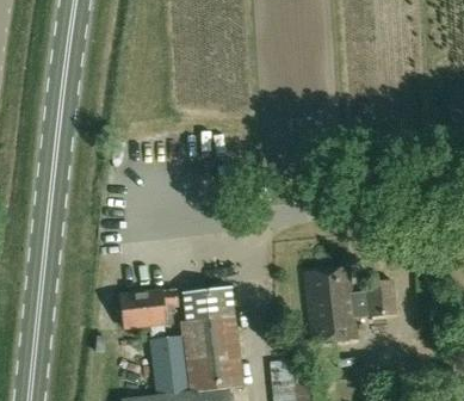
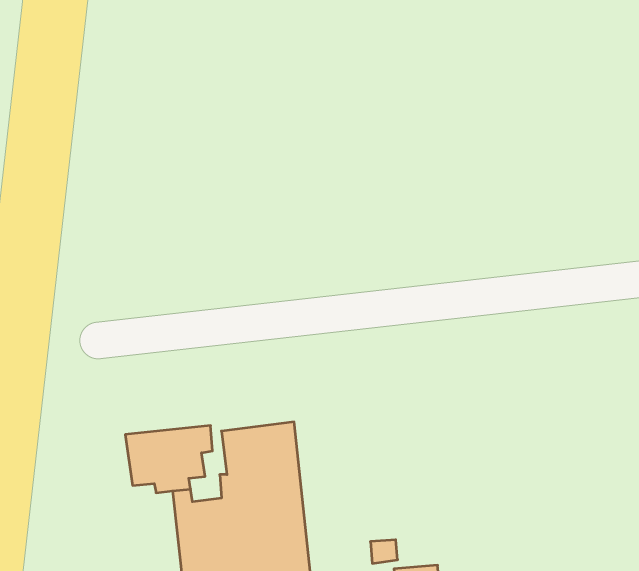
building: [304,266,396,343] -> none

